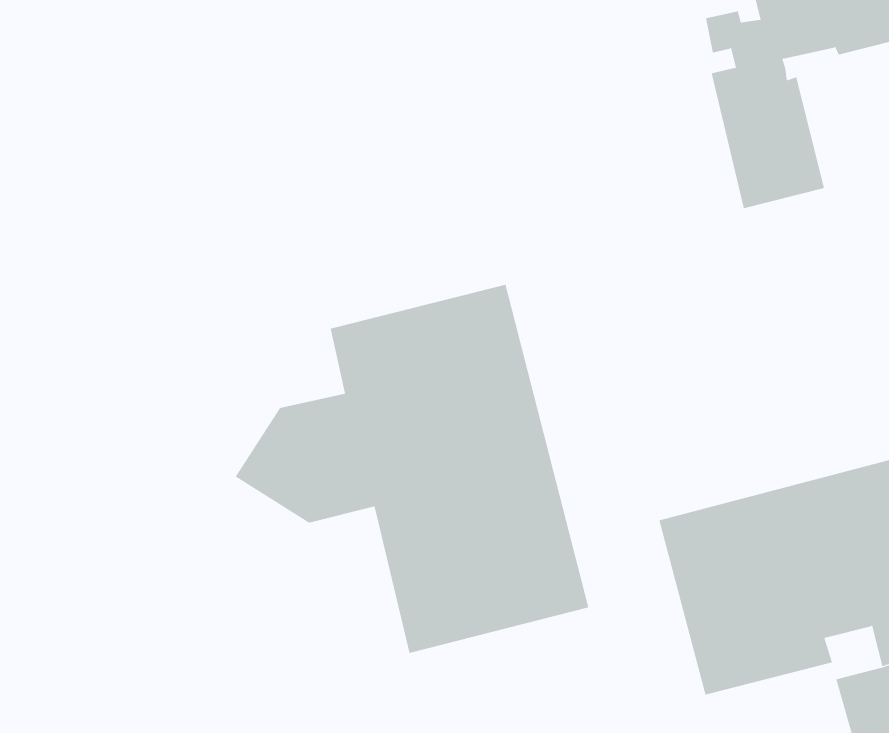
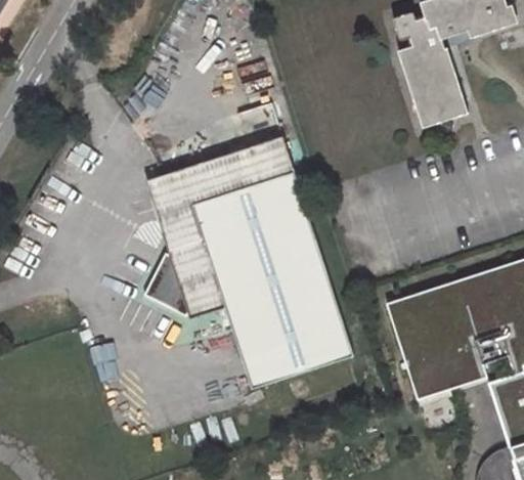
building: none -> [149,140,294,252]

